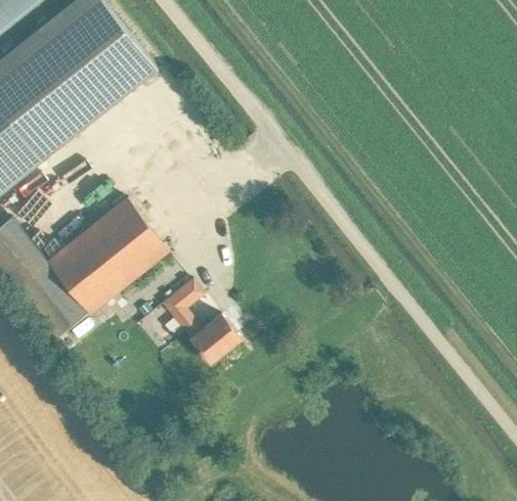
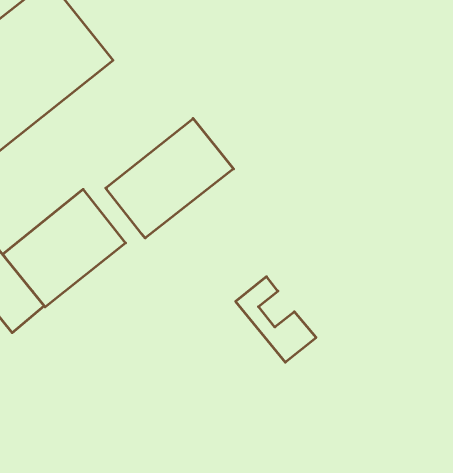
building: none -> [106,118,234,238]
building: [161,279,241,364] -> [236,277,316,362]

